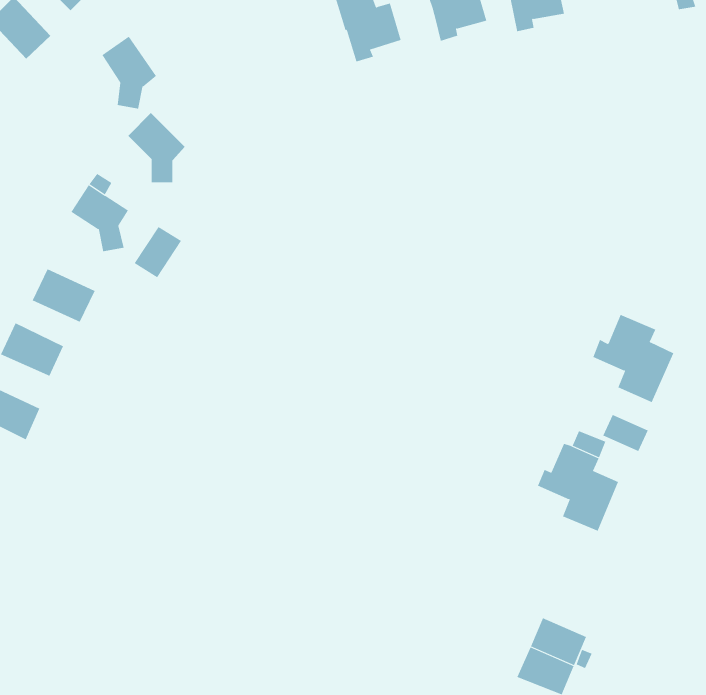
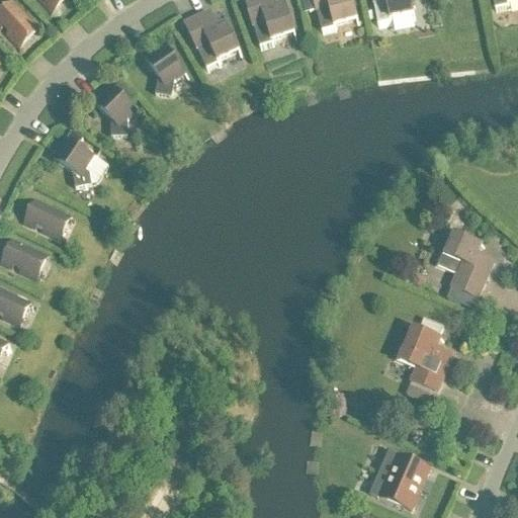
building: none -> [184,8,238,68]
building: [102,36,157,109] -> [144,40,184,94]
building: [134,226,182,278] -> none
building: [603,414,648,452] -> none

